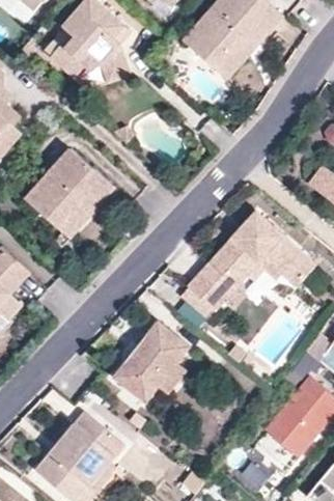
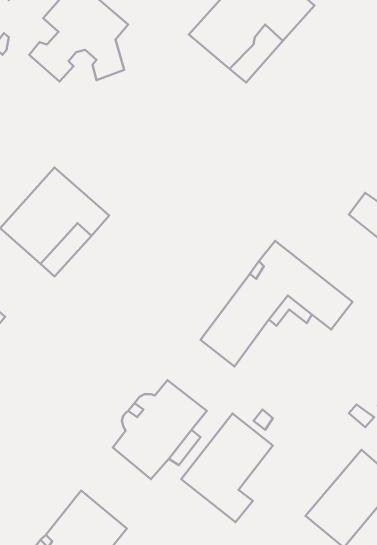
building: none -> [181,413,273,522]

